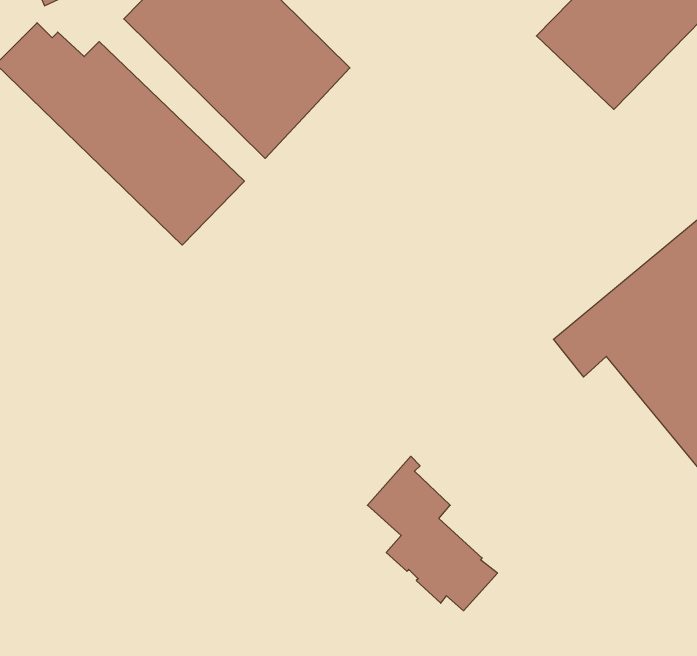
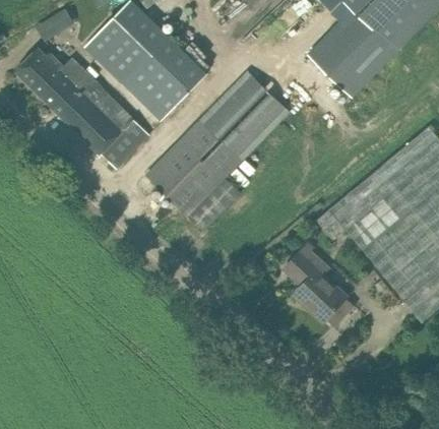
building: none -> [146,71,290,231]
building: [367,456,497,611] -> [284,243,354,326]

